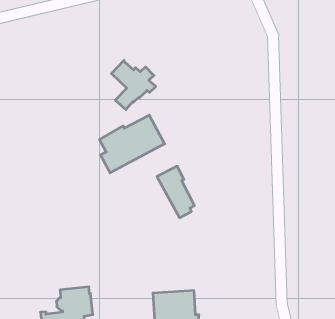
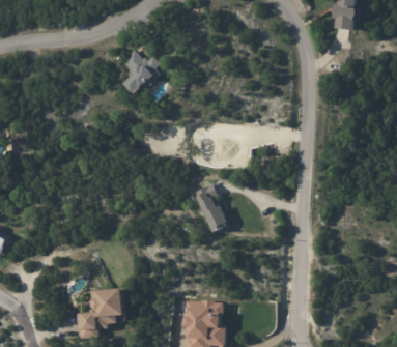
building: [111,60,156,110] -> [121,48,162,93]
building: [100,115,165,173] -> none

